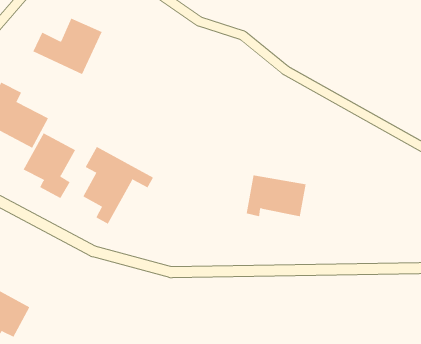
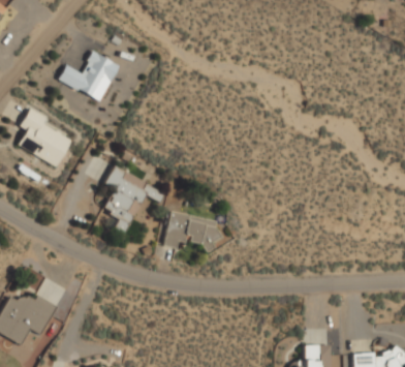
building: [23,132,76,199] -> none
building: [246,175,306,217] -> [165,211,219,248]

